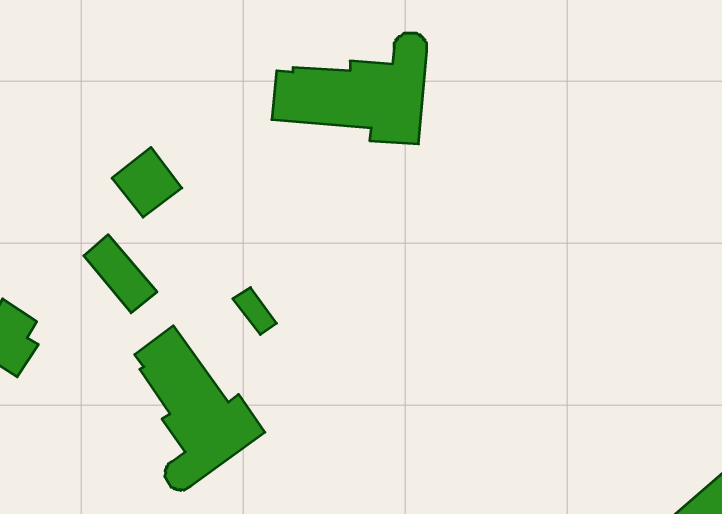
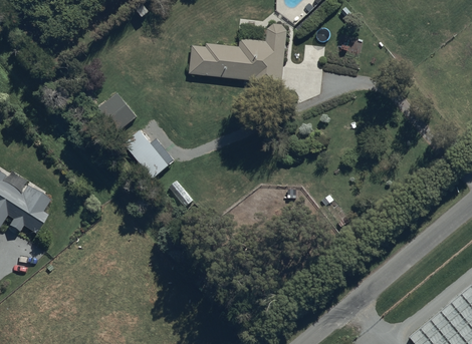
building: [84,235,157,313] -> [123,128,168,177]
building: [135,326,265,491] -> none

